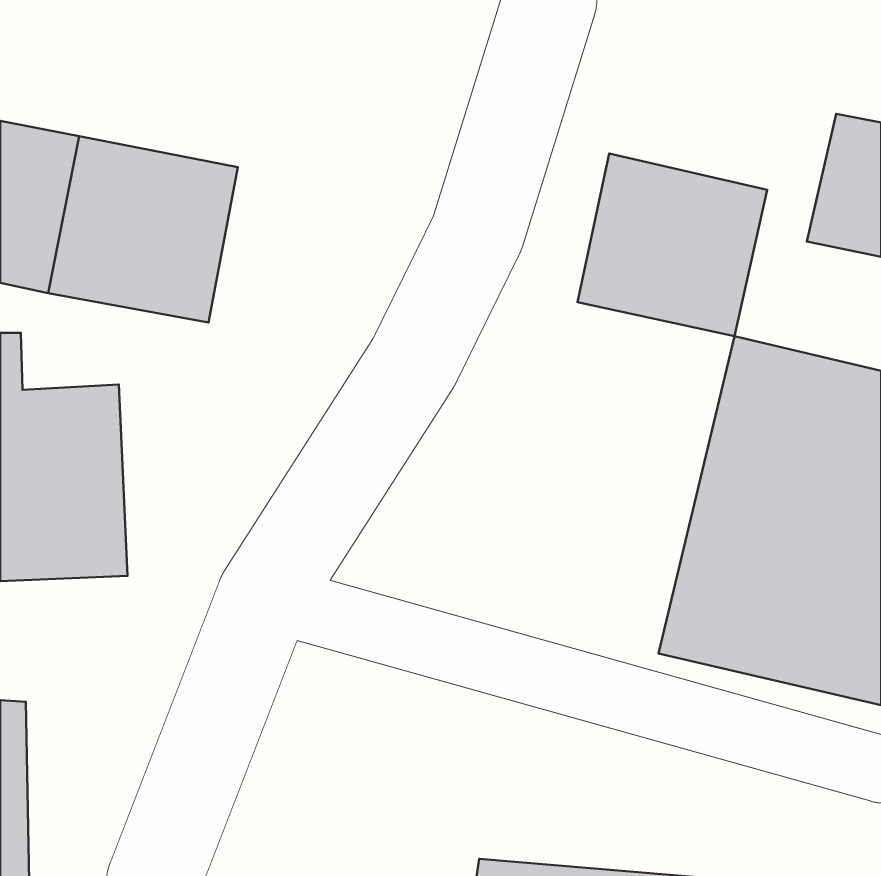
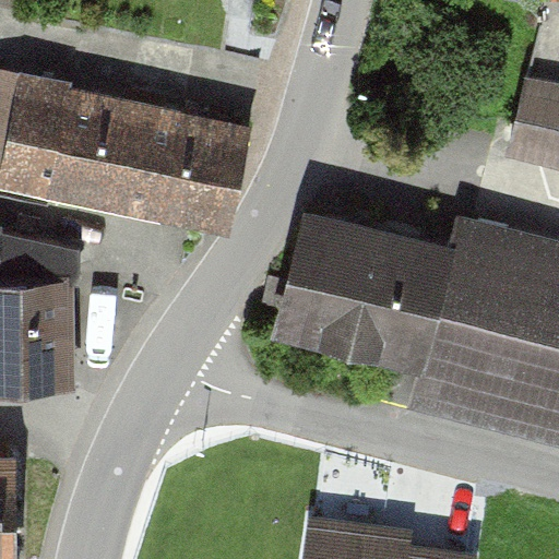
building: [577,154,767,336] -> none
building: none -> [132,109,251,227]
building: none -> [272,212,455,361]

